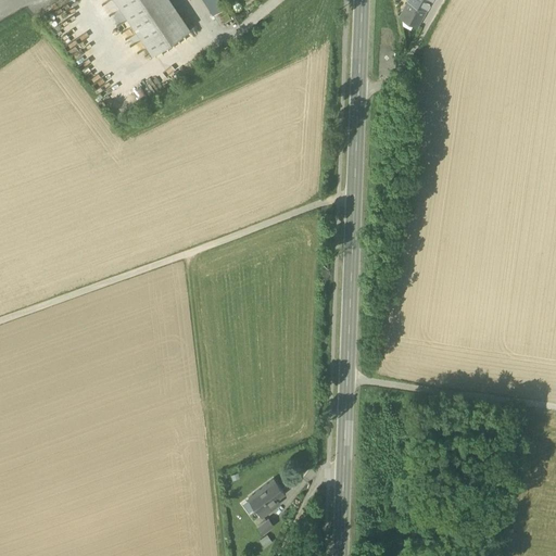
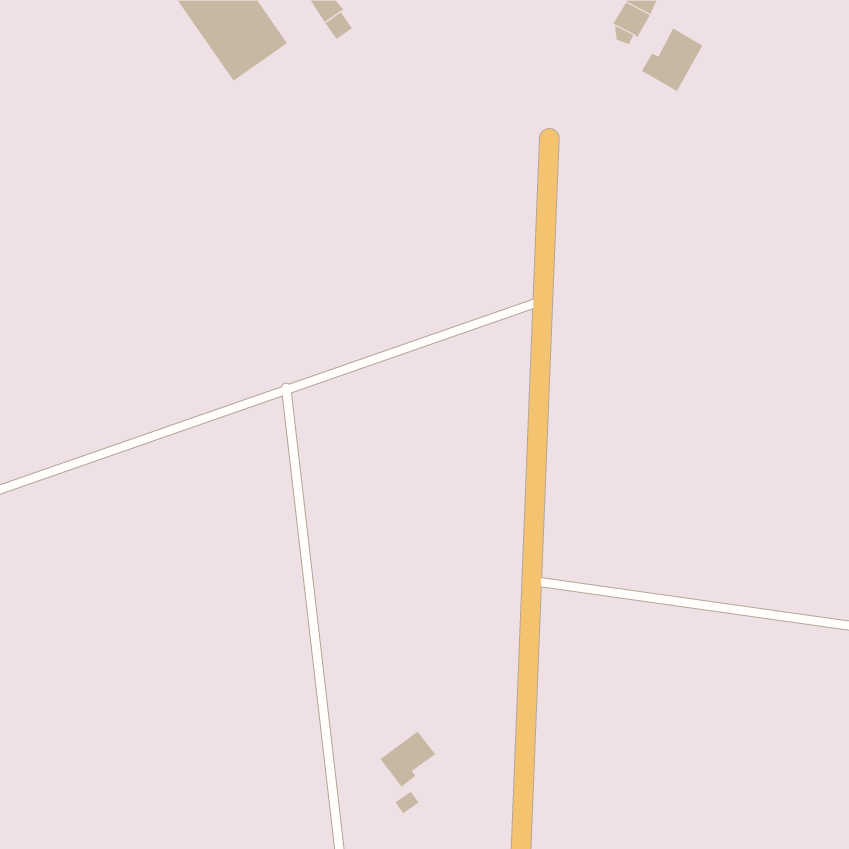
building: none -> [641,27,703,92]

